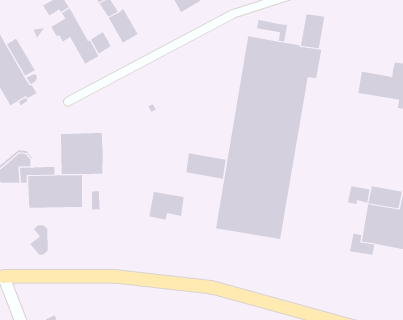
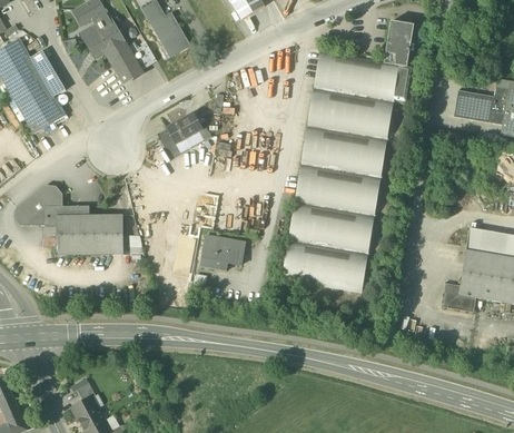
building: [257,19,288,42] -> none
building: none -> [166,112,202,144]
building: [60,132,103,175] -> none
building: [186,153,226,180] -> none
building: [347,185,370,205] -> none
building: [29,224,48,255] -> none

